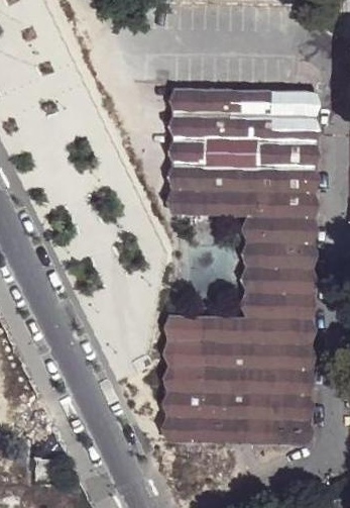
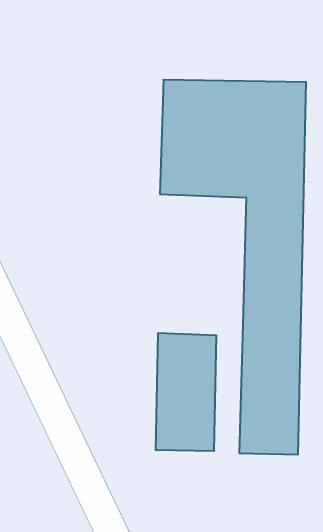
building: [225,324,250,429] -> none

